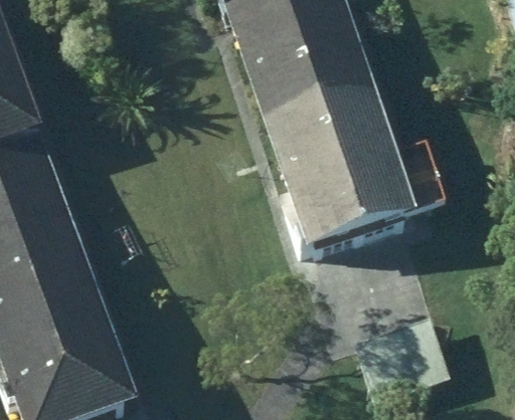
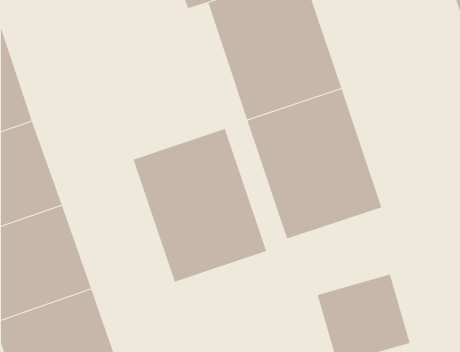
building: none -> [133,128,267,283]

